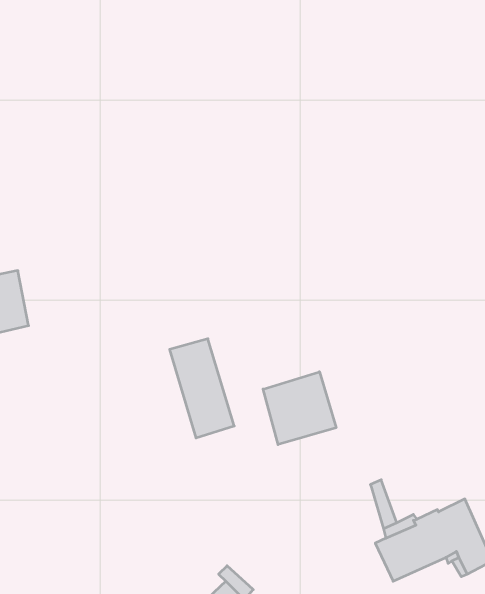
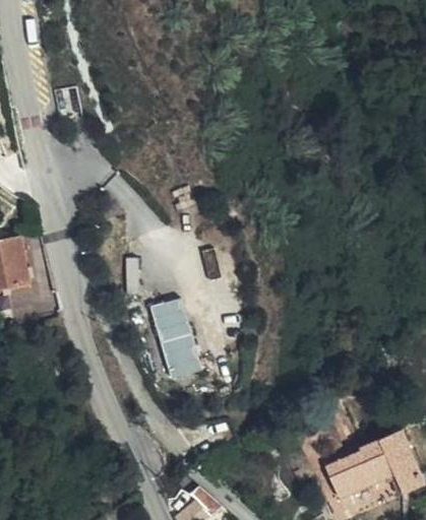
building: [263,372,336,445] -> none

